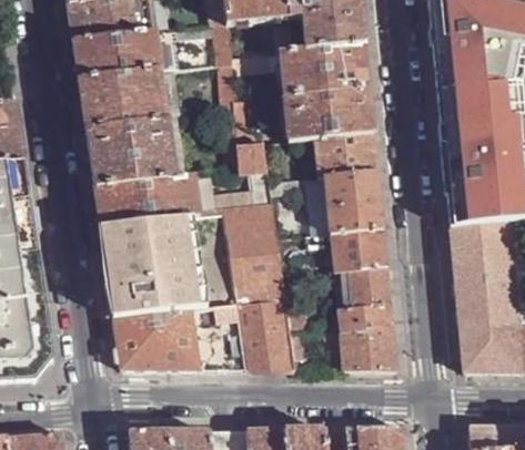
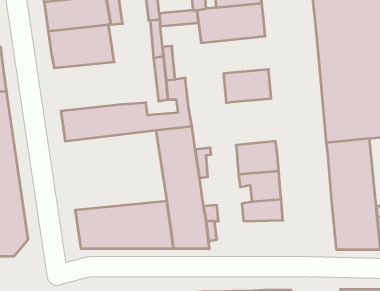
building: [283,88,373,141] -> none
building: [88,122,178,187] -> none
building: [314,171,382,234] -> none
building: [102,213,238,319] -> none
building: [340,333,395,371] -> none

